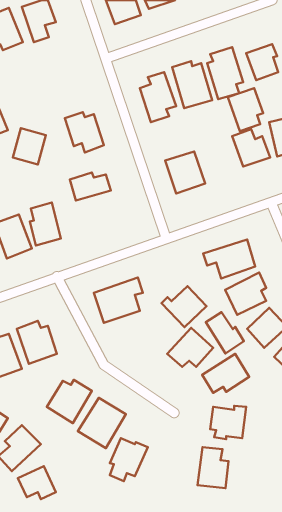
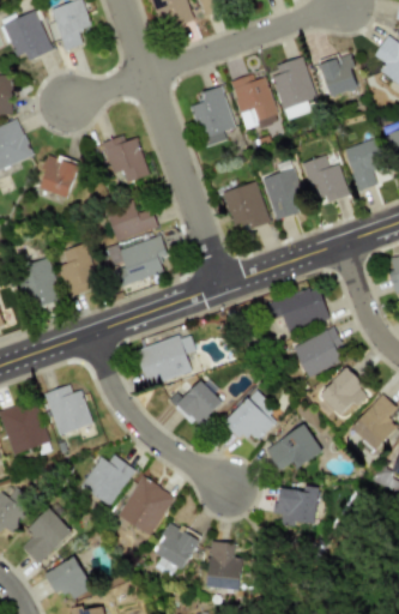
building: [228,88,263,131] -> [262,168,304,219]
building: none -> [107,235,167,285]
building: [162,286,207,327] -> [170,379,224,428]
building: [206,312,244,353] -> none
building: [198,447,229,488] -> [206,541,243,590]

